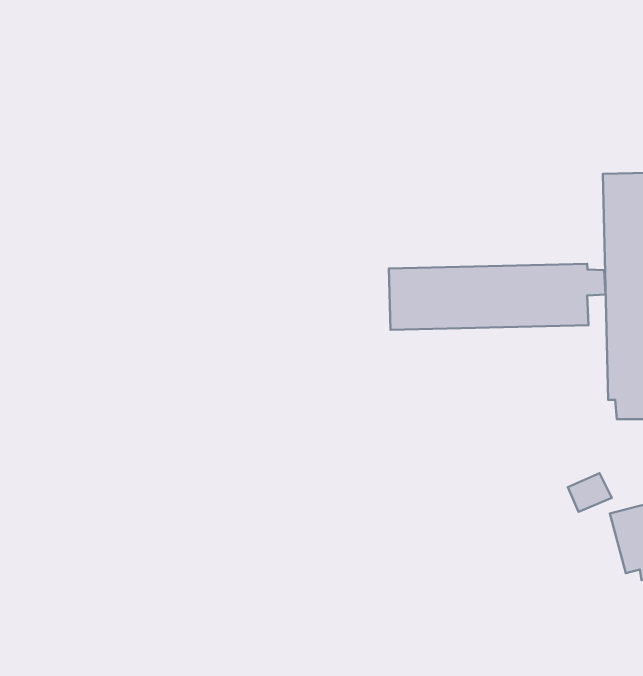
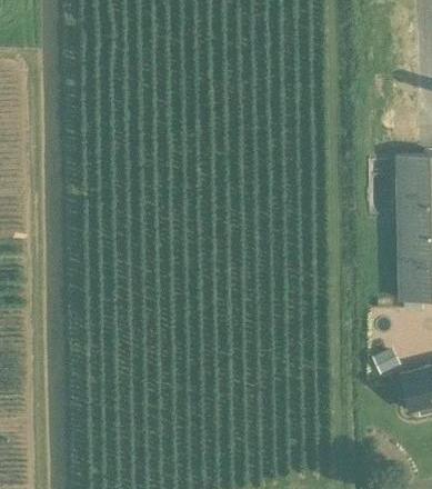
building: [389,264,605,330] -> none

